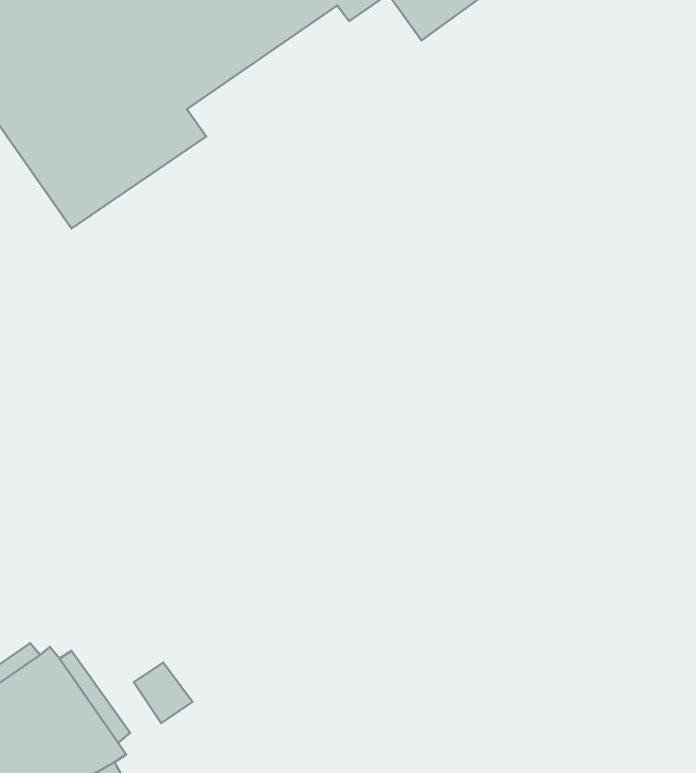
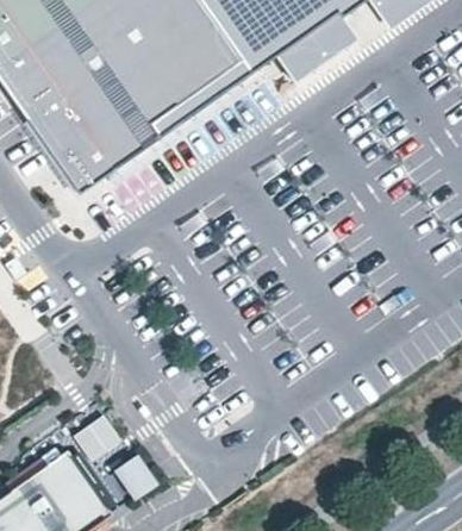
building: none -> [71,416,120,462]

